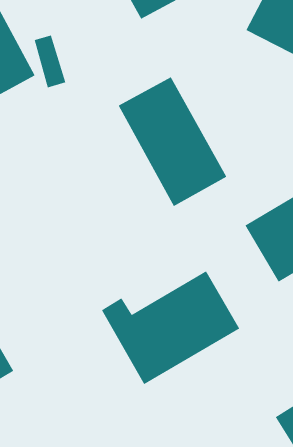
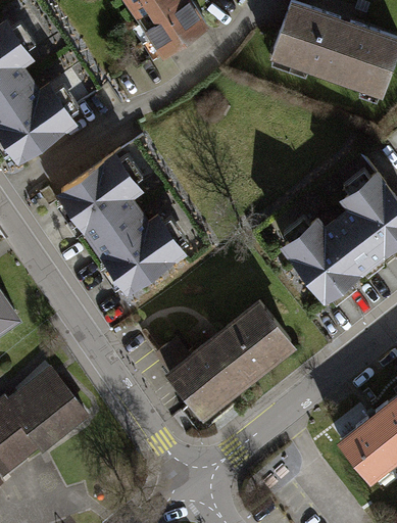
building: [118,76,227,207] -> [53,160,171,291]

